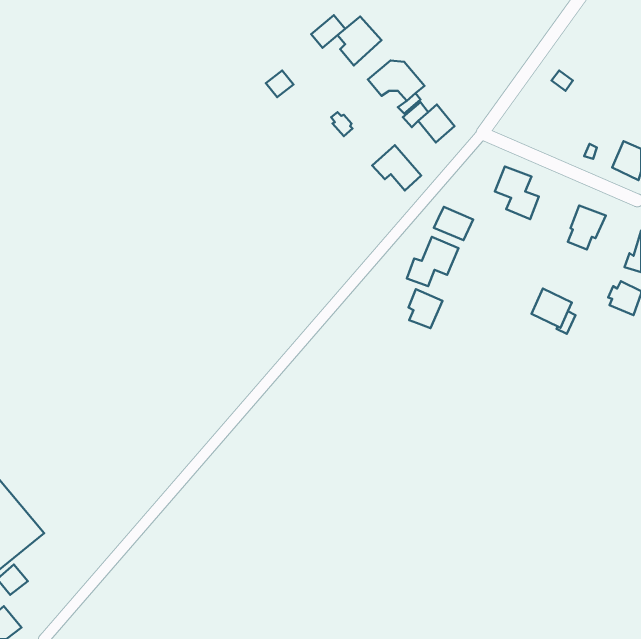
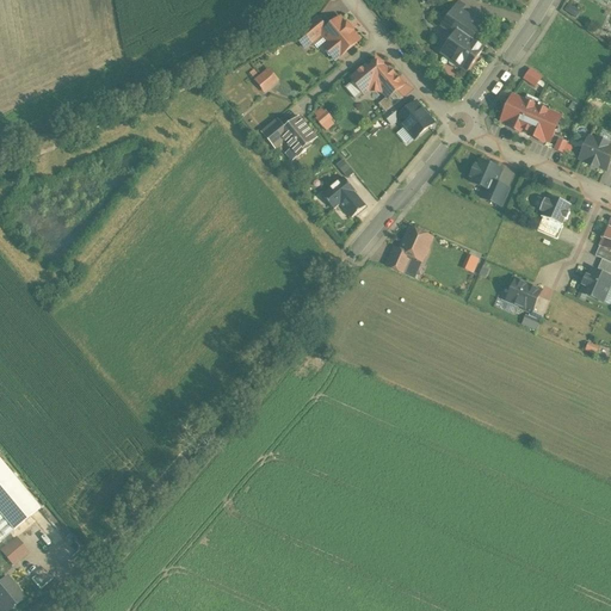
building: none -> [440,5,486,73]
building: none -> [500,93,564,146]
building: none -> [261,115,317,159]
building: [372,145,421,191] -> [317,172,364,215]
building: [434,207,473,240] -> none
building: [408,289,442,328] -> none

